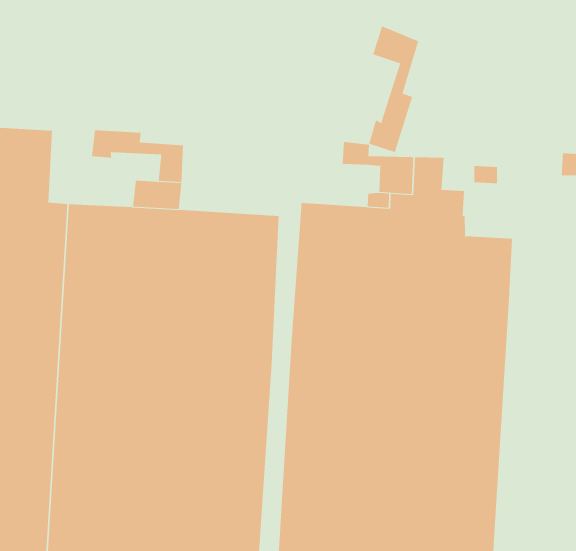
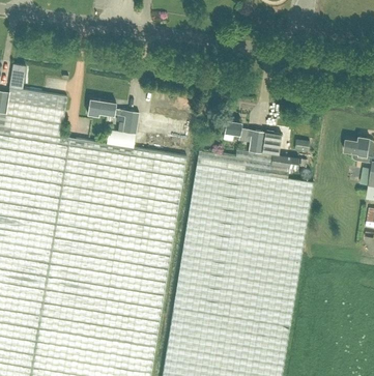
building: [369,26,419,153] -> none

